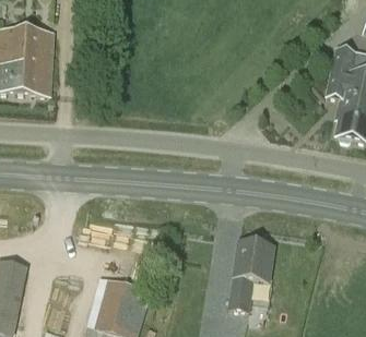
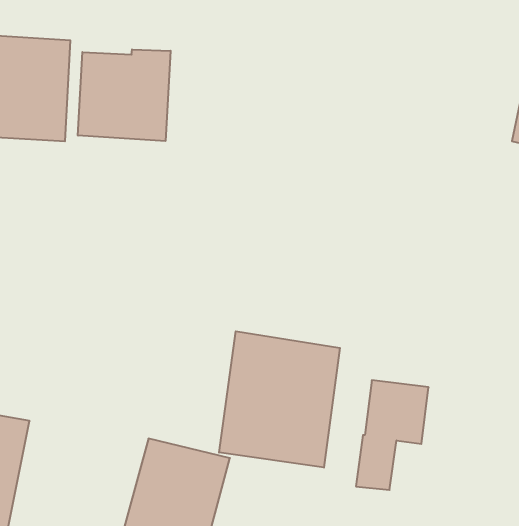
building: none -> [78,49,171,141]
building: none -> [219,331,340,468]

